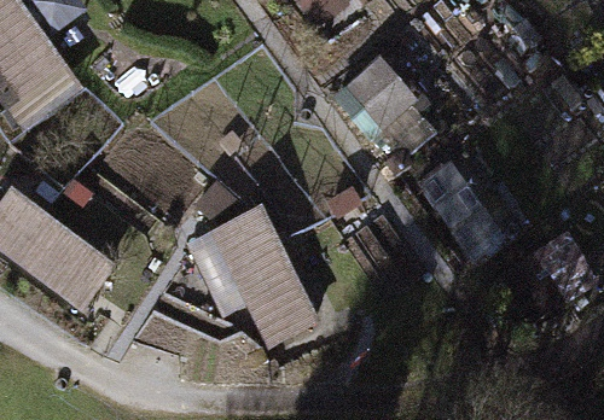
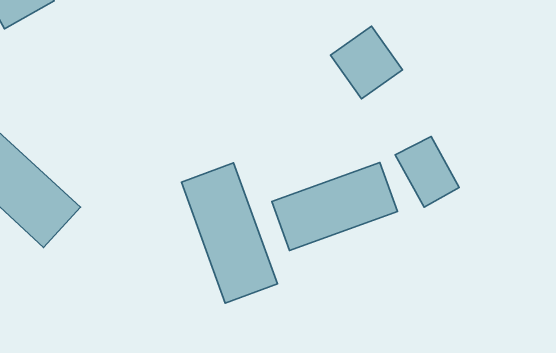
building: none -> [272,162,397,251]

